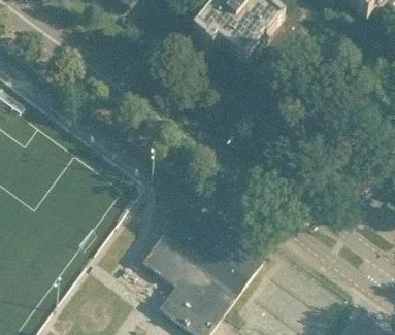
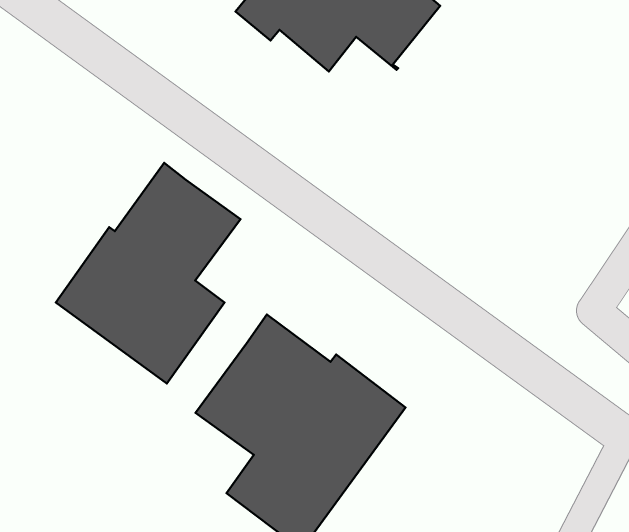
building: none -> [56,163,240,383]

